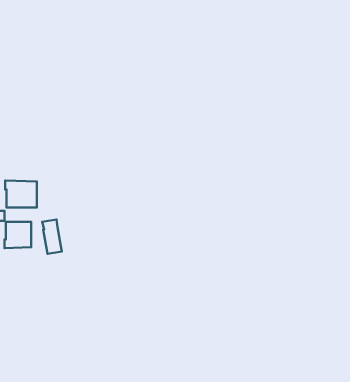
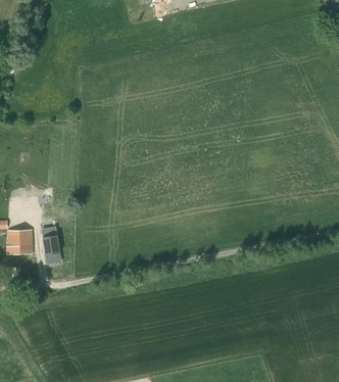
building: [5,180,37,208] -> none

